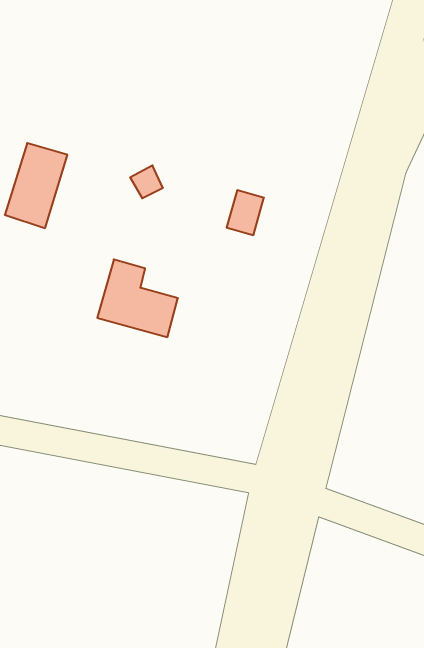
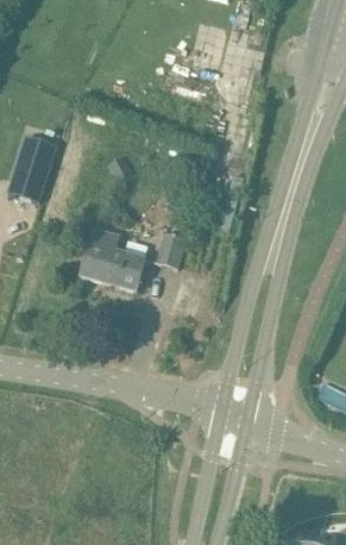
building: [227,190,264,235] -> [156,232,185,268]

